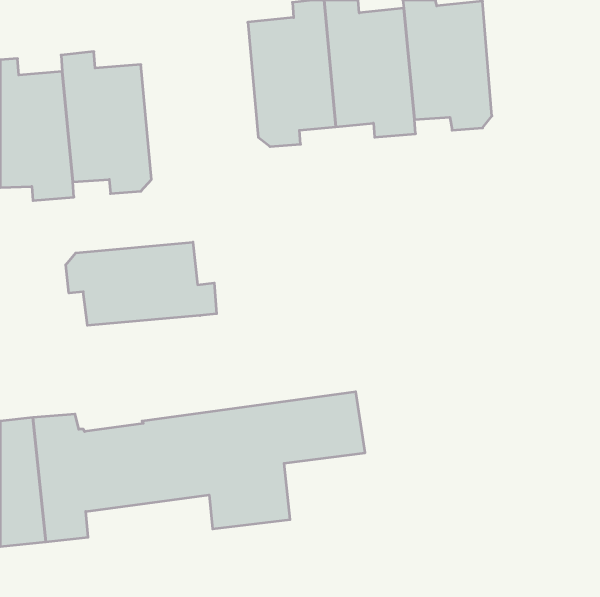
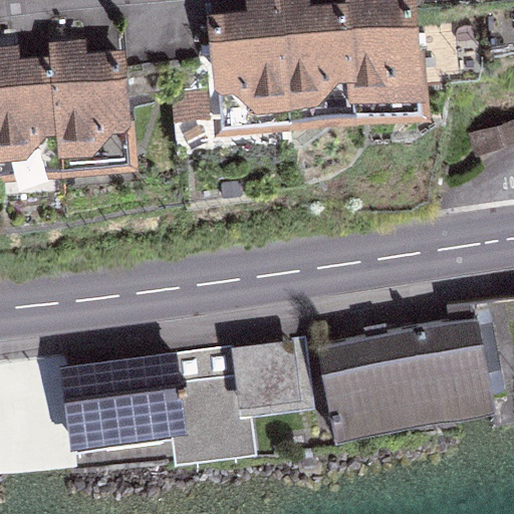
building: [66,242,217,325] -> none
building: none -> [319,315,505,439]

